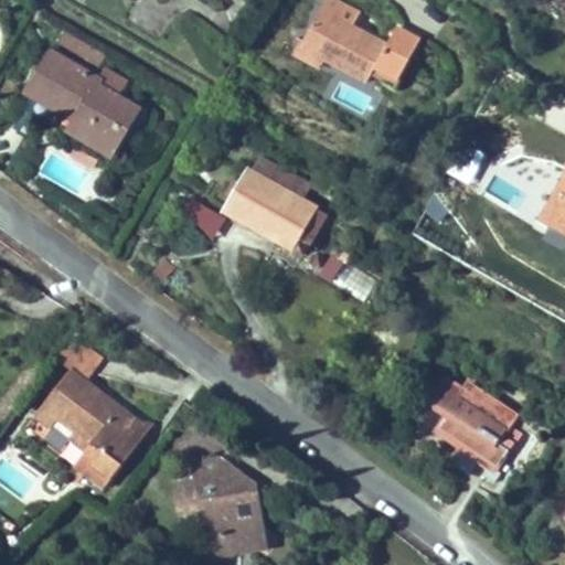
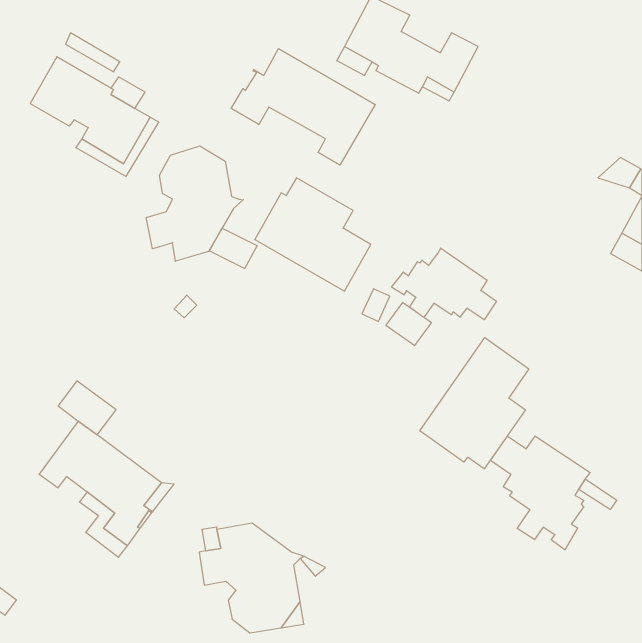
building: none -> [231,49,375,165]
building: none -> [146,146,243,261]
building: none -> [392,248,497,320]
building: none -> [420,338,529,469]

